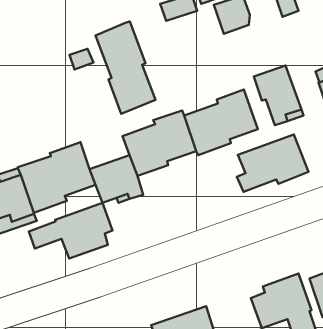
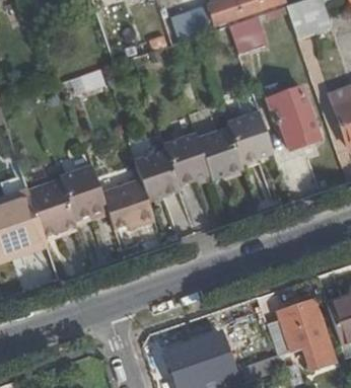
building: [95,22,156,114] -> none
building: [237,134,308,192] -> none
building: [29,203,112,259] -> none

